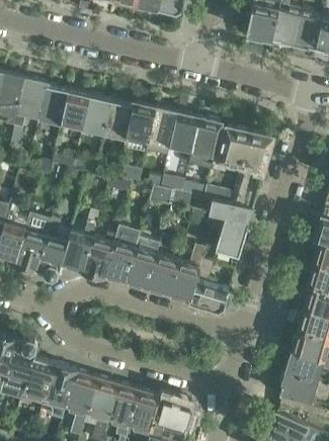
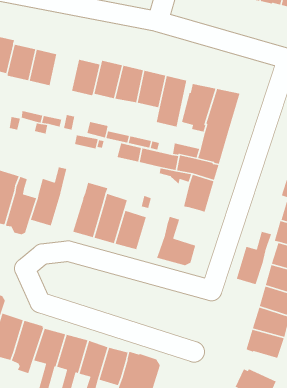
building: [82,97,110,135] -> none
building: [83,234,116,277] -> none
building: [169,246,205,300] -> [236,231,272,285]

